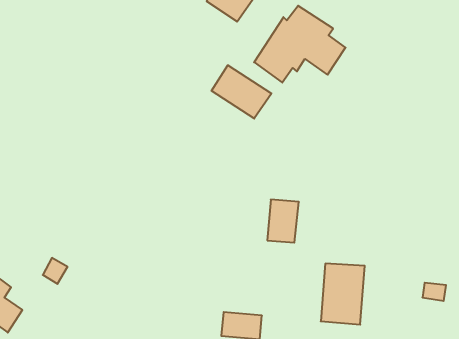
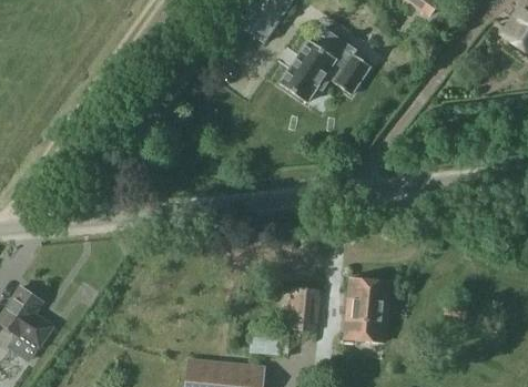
building: [212,65,271,119] -> none
building: [267,200,299,243] -> [288,288,319,330]

